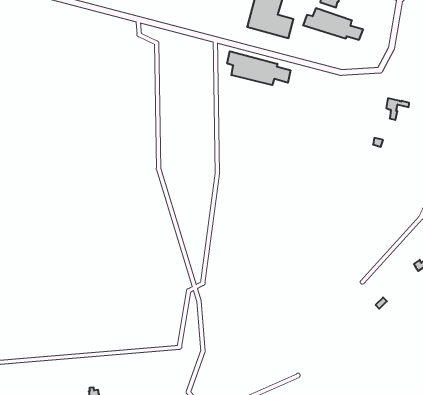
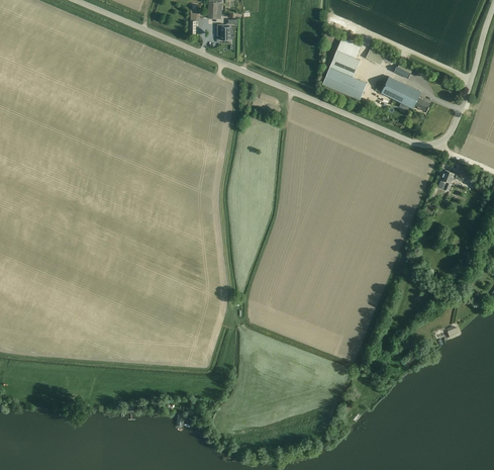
building: [227,51,290,85] -> none

